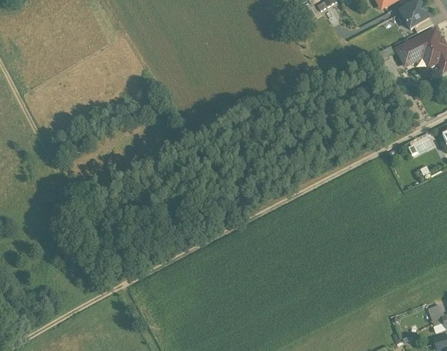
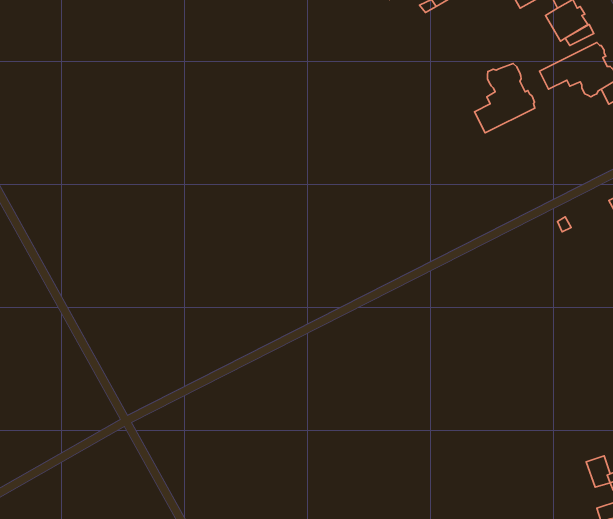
building: none -> [475,63,535,133]

